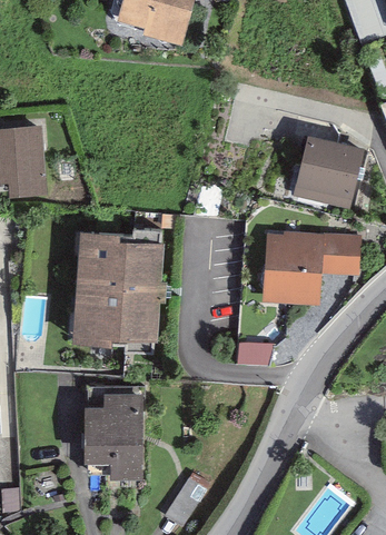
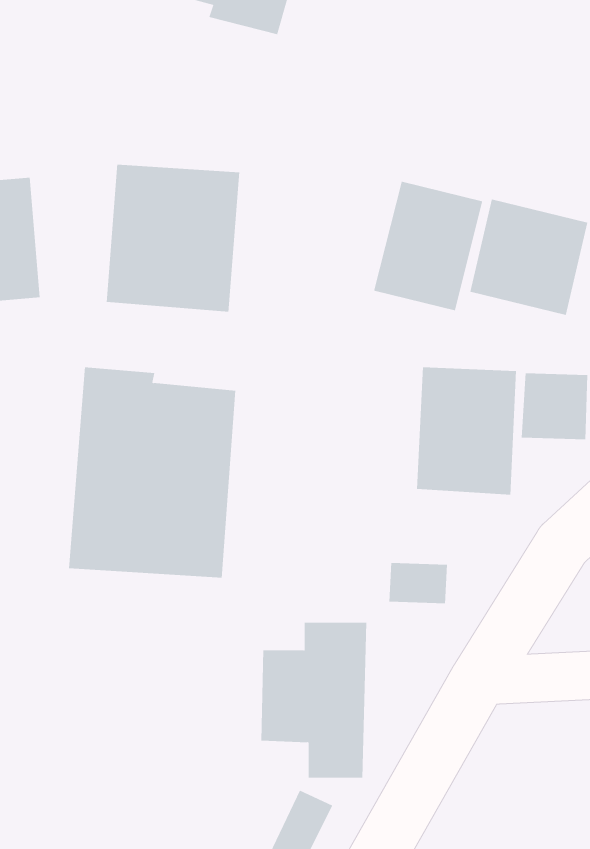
building: none -> [106,164,240,313]
building: none -> [374,181,483,311]
building: [82,396,142,484] -> [260,622,367,778]

